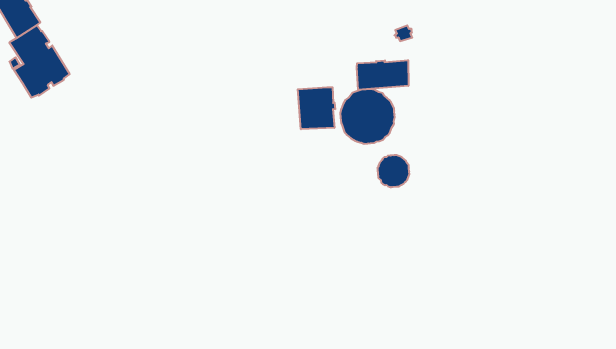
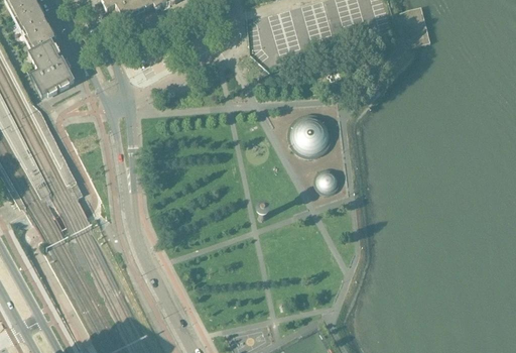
building: [357,60,408,90] -> none
building: [298,87,335,129] -> none

